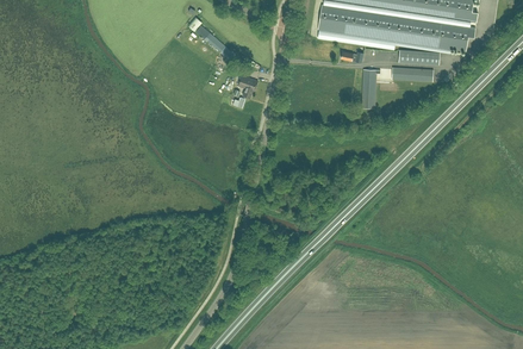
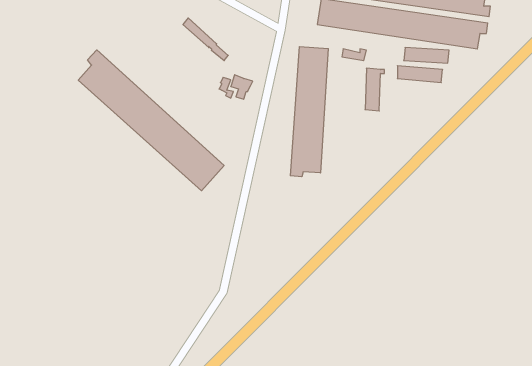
building: none -> [290,47,328,177]
building: none -> [78,50,224,191]

